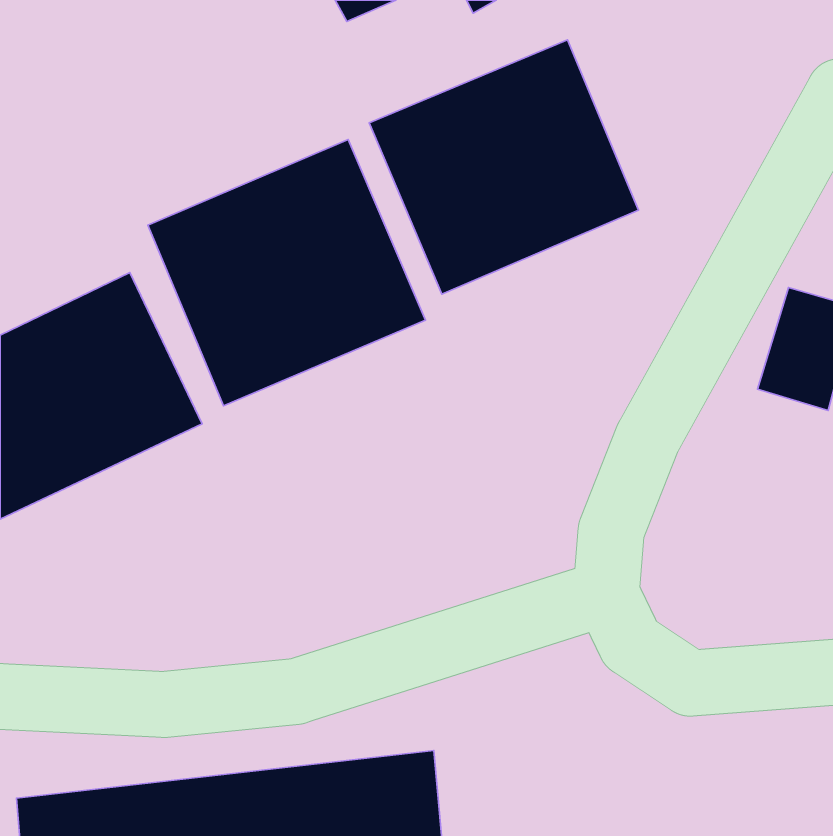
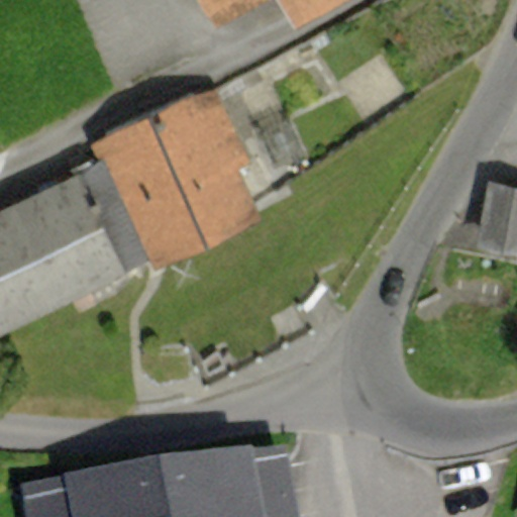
building: [369,40,639,294] -> none

